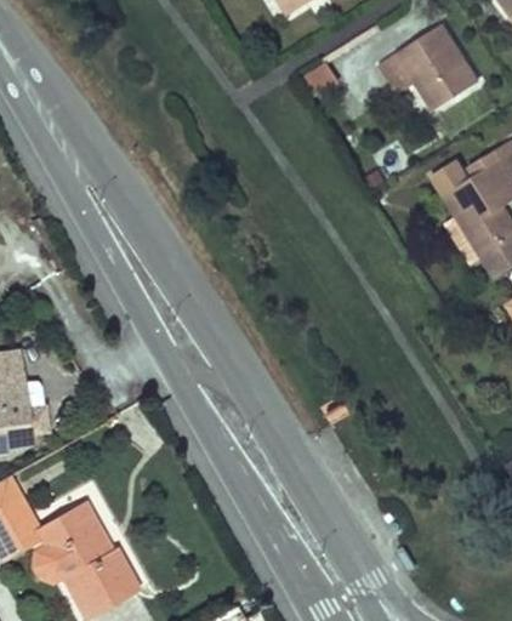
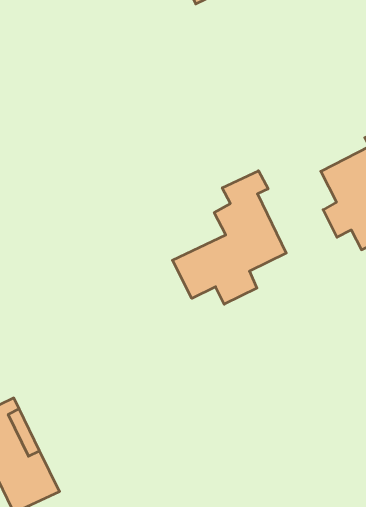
building: [357,29,463,118] -> none
building: none -> [172,171,286,304]

